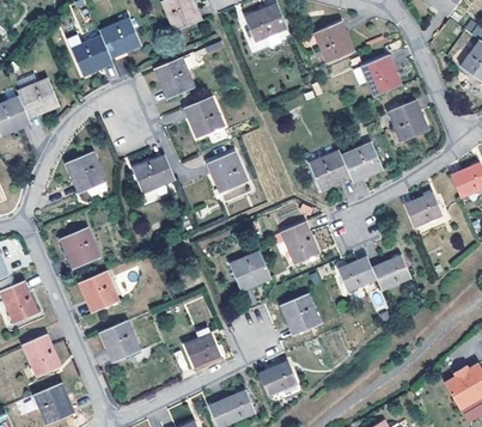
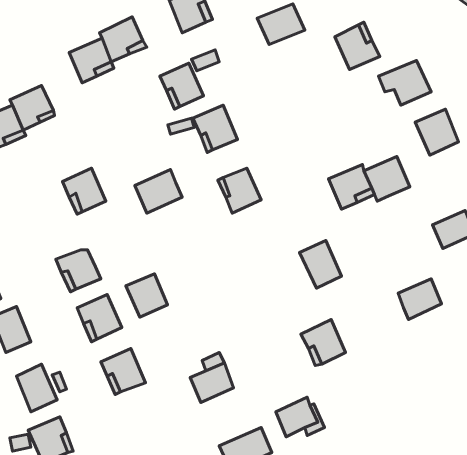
building: [231,250,271,291] -> none
building: none -> [126,274,168,317]
building: [337,257,376,293] -> none

